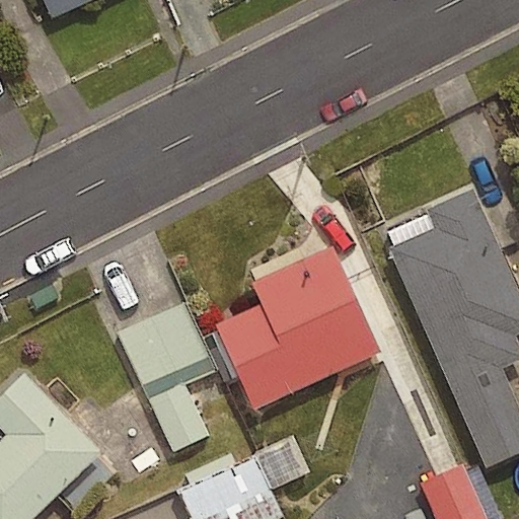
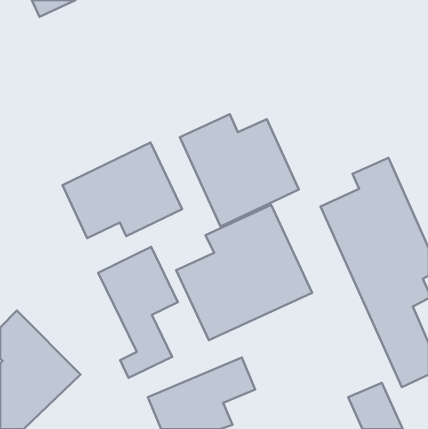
building: none -> [180,114,299,226]
building: none -> [62,142,182,238]

